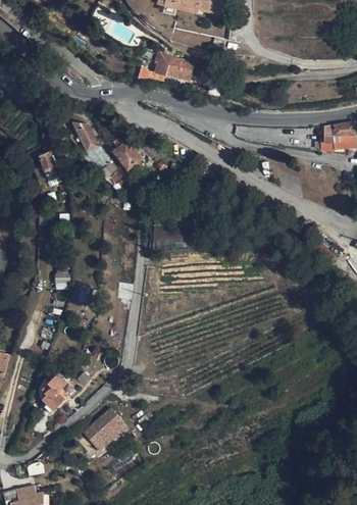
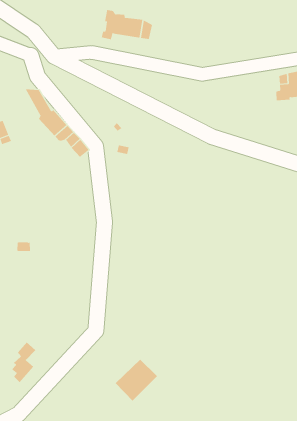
building: [116,139,144,167] -> none
building: [86,407,129,449] -> [115,359,158,401]

